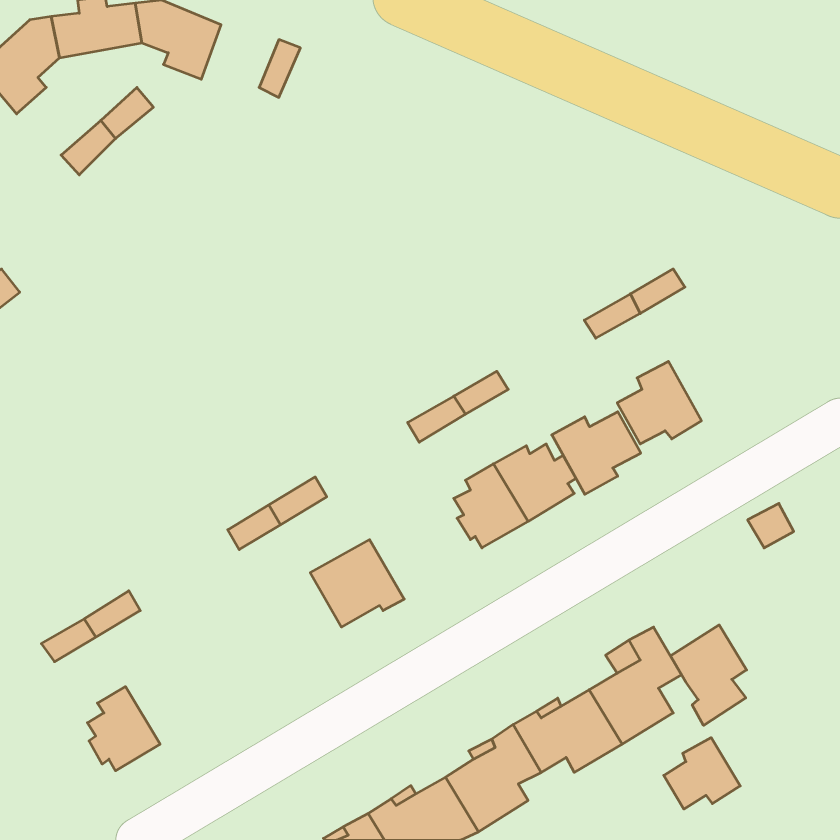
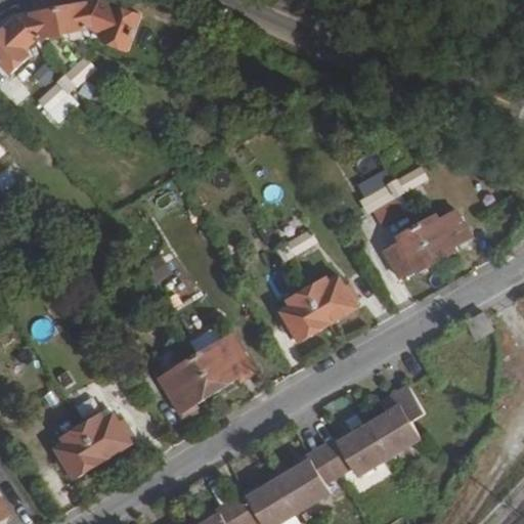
building: [552,412,641,494] -> [414,210,470,261]
building: none -> [157,355,212,414]
building: [670,625,747,725] -> none
building: none -> [78,413,129,462]
building: [664,738,740,809] -> none

